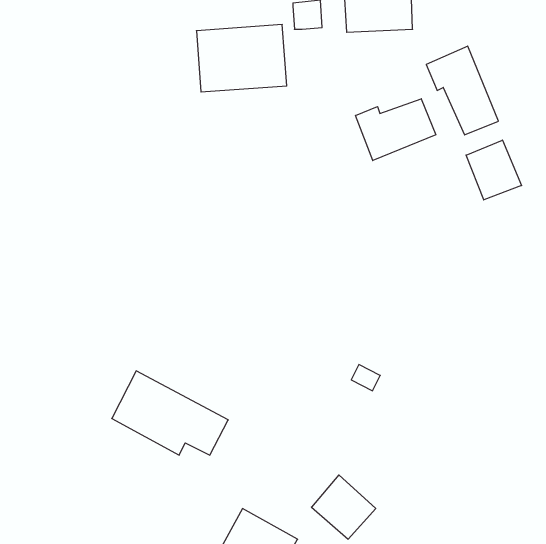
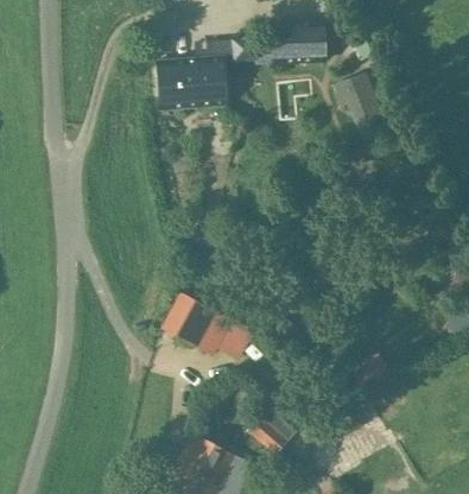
building: [356,99,436,161] -> none
building: [466,140,522,200] -> none
building: [112,371,228,455] -> [161,292,252,357]

